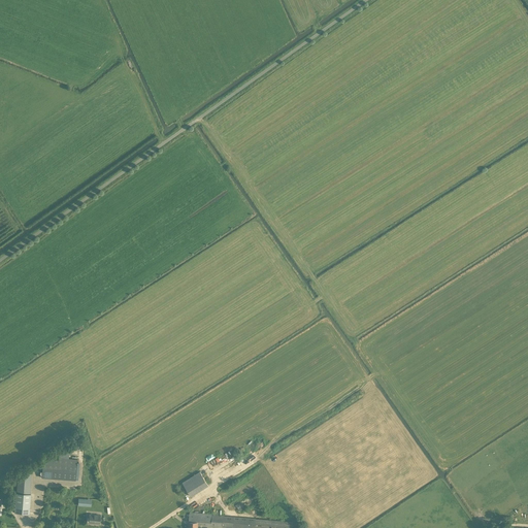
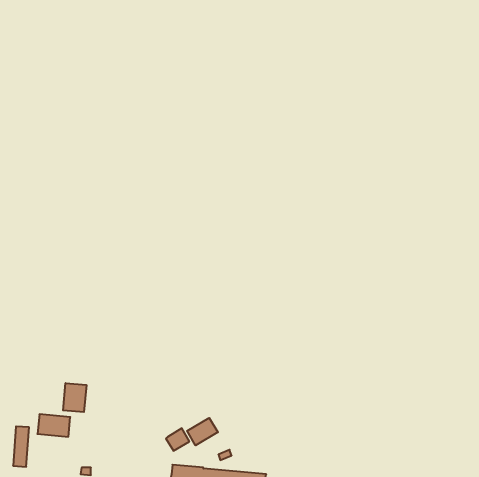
building: none -> [63,383,86,412]
building: none -> [187,418,218,445]

